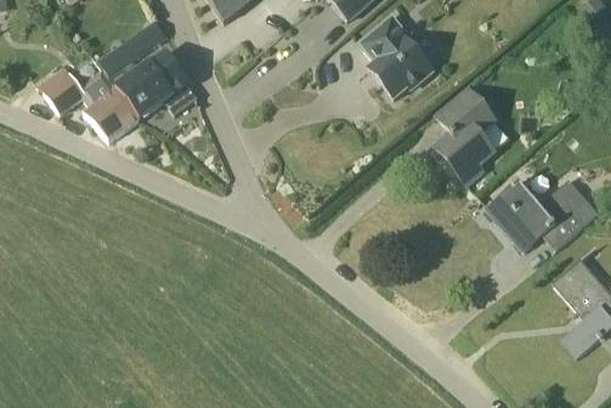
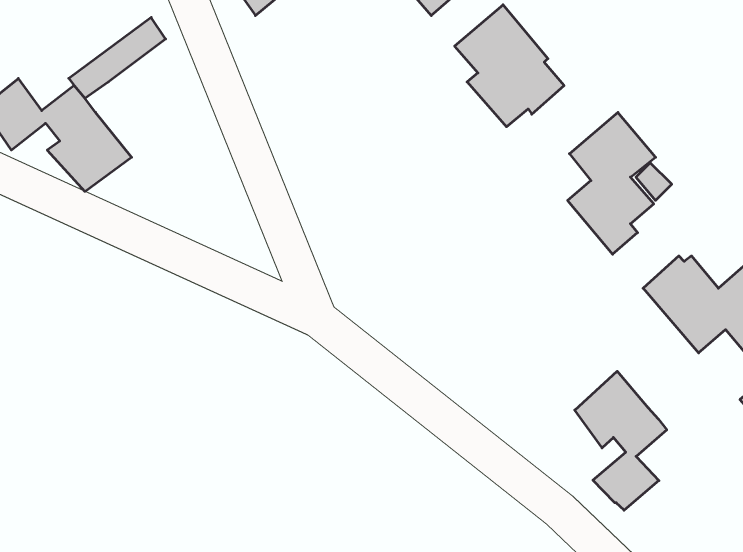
building: [117,50,198,118] -> none
building: none -> [575,371,667,510]

